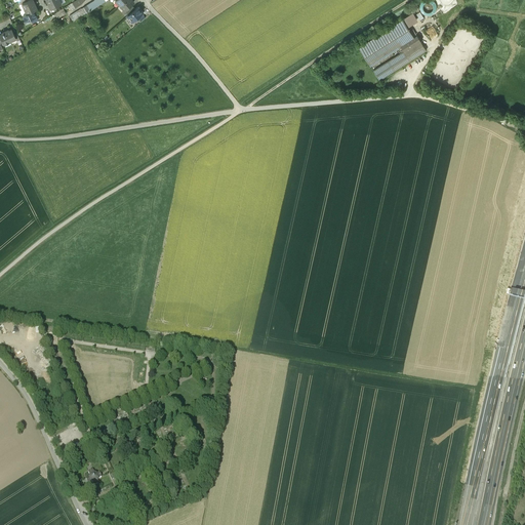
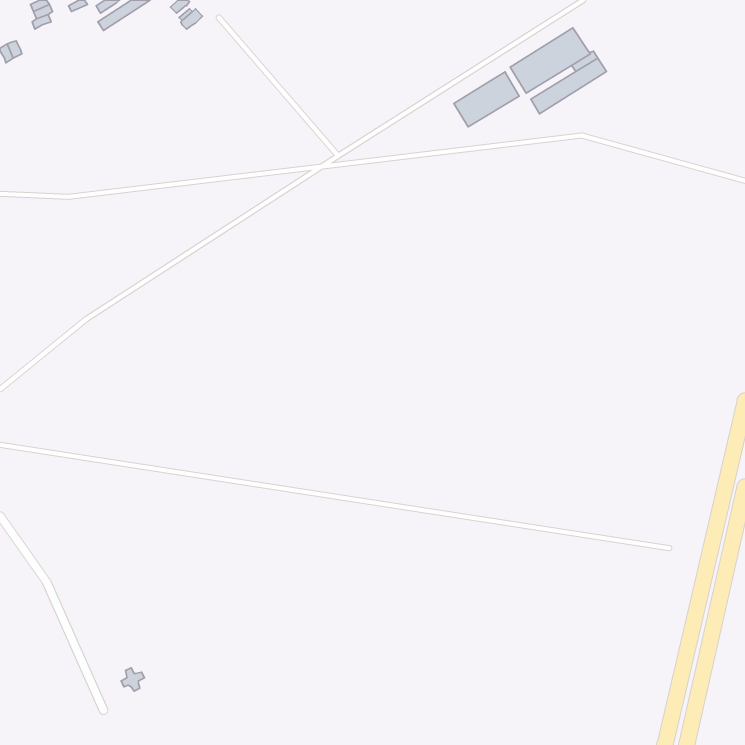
building: none -> [454,72,519,127]

